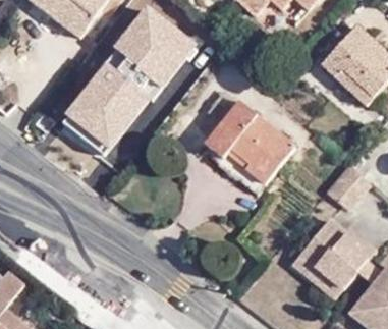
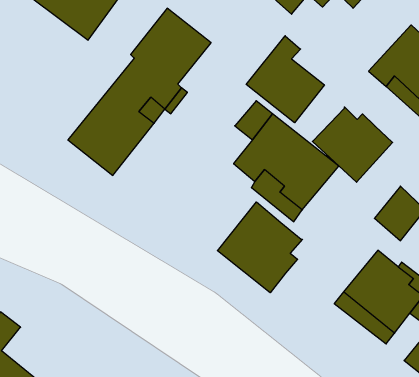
building: none -> [246,36,324,123]
building: none -> [312,107,393,182]
building: none -> [217,202,302,293]

